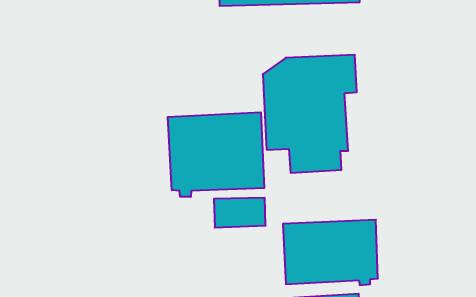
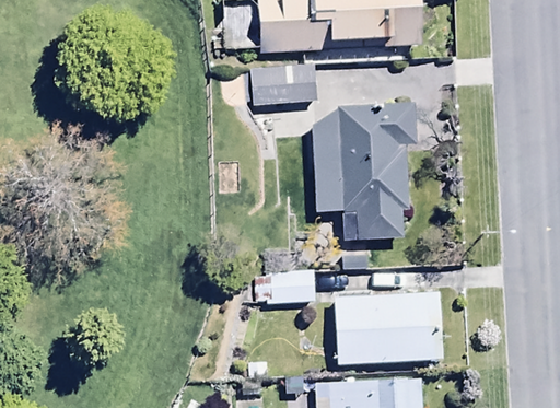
building: none -> [252,62,317,103]
building: [168,112,264,197] -> none

